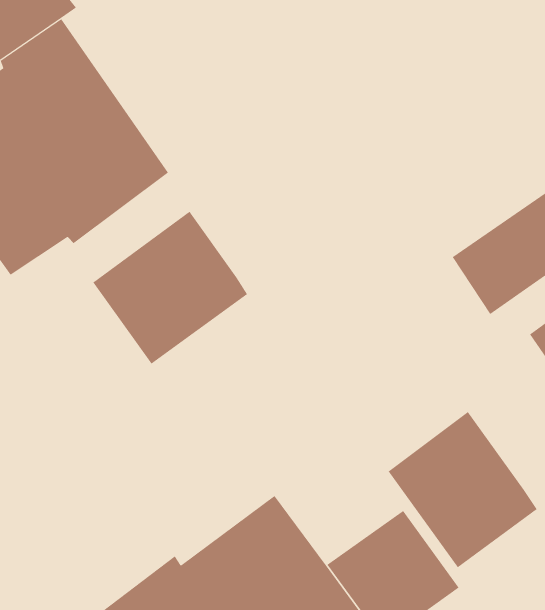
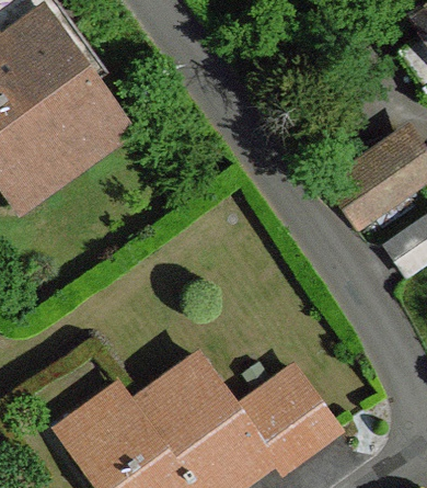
building: [92,211,248,364] -> none
building: [388,411,538,568] -> none

